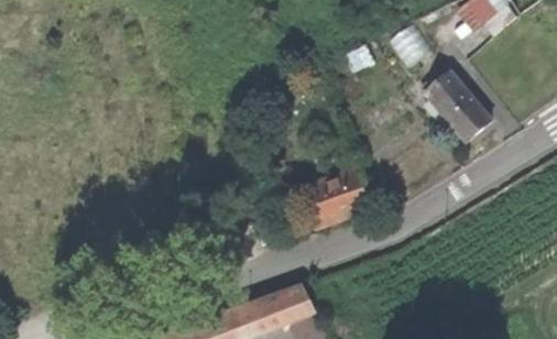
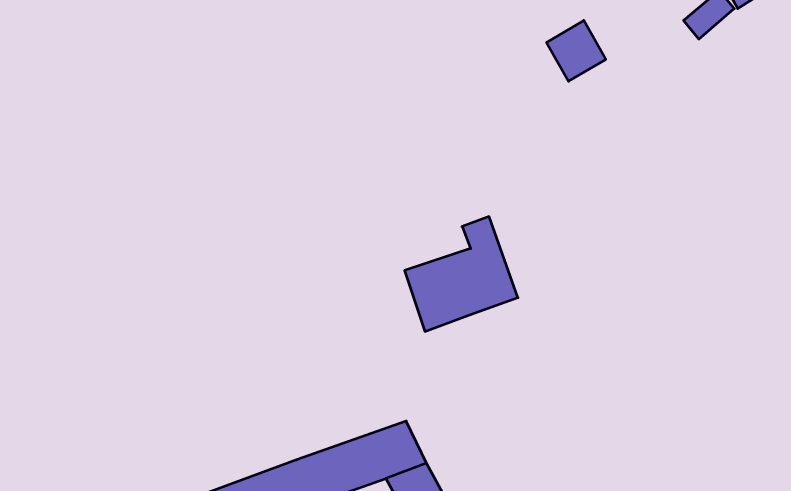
building: [419,69,491,140] -> none

